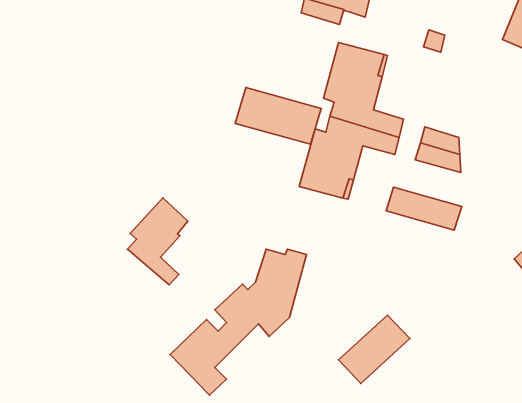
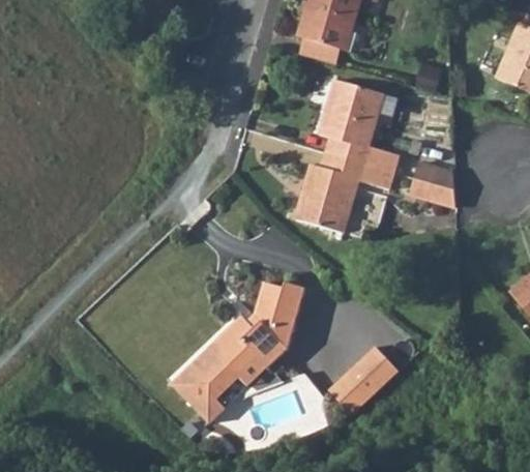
building: [235,87,321,144] -> none
building: [386,187,462,230] -> none
building: [127,198,188,285] -> none

